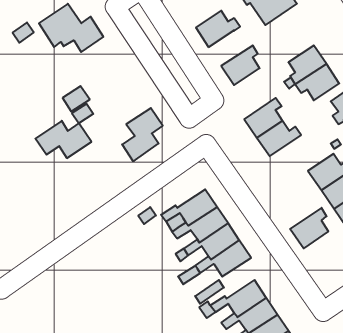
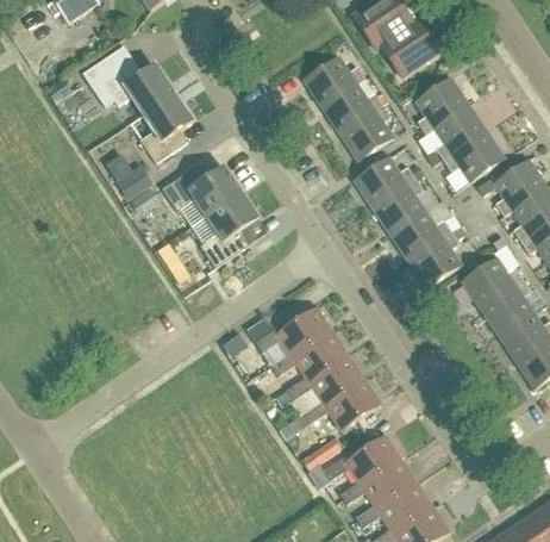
building: none -> [415,77,469,133]
building: none -> [321,83,383,133]
building: none -> [140,93,193,163]
building: none -> [354,157,415,208]
building: [35,121,91,158] -> [162,163,240,216]
building: [290,208,328,248] -> [407,231,461,288]

